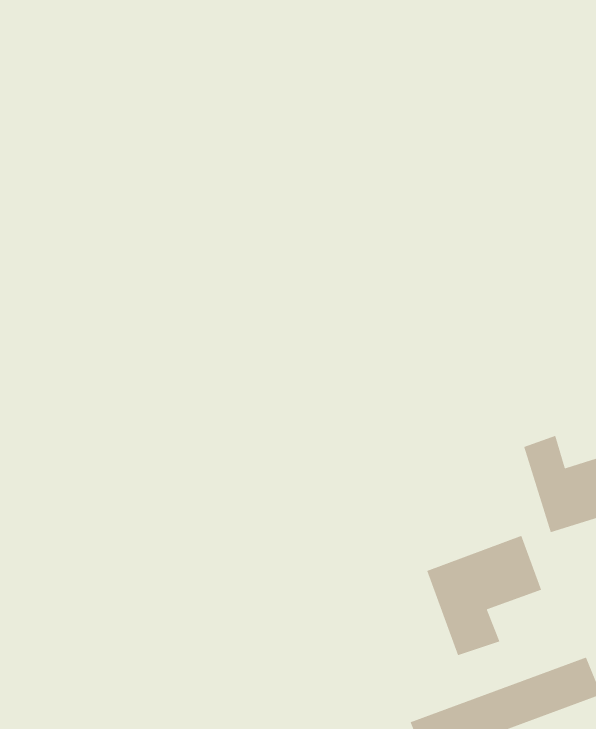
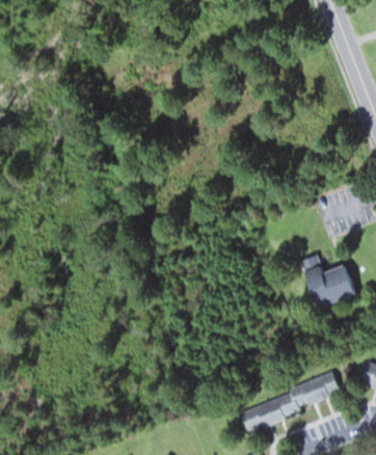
building: [426,535,542,656] -> none

